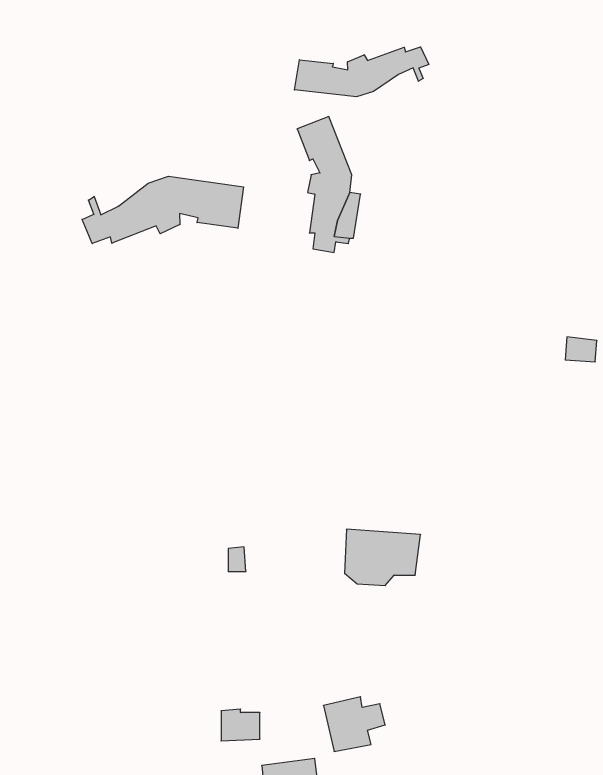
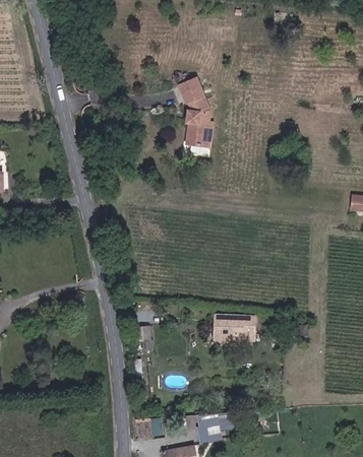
building: [294,47,429,97] -> none
building: [82,176,243,244] -> none

